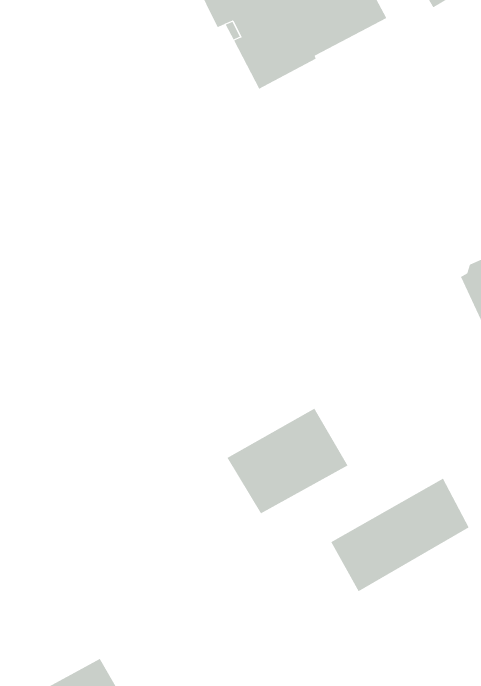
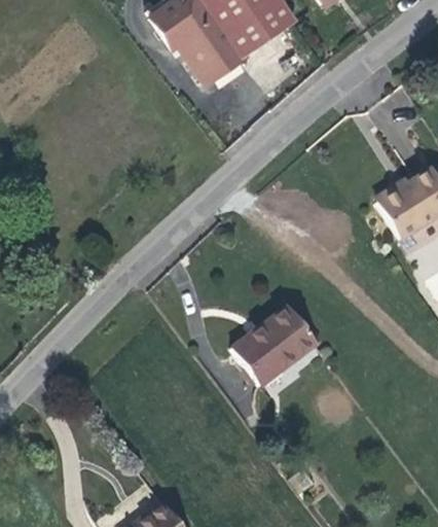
building: [331,478,470,592] -> none

